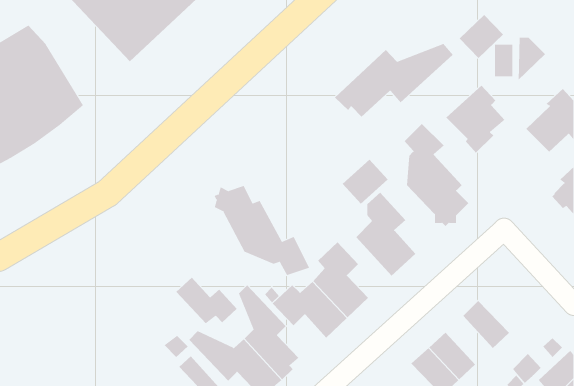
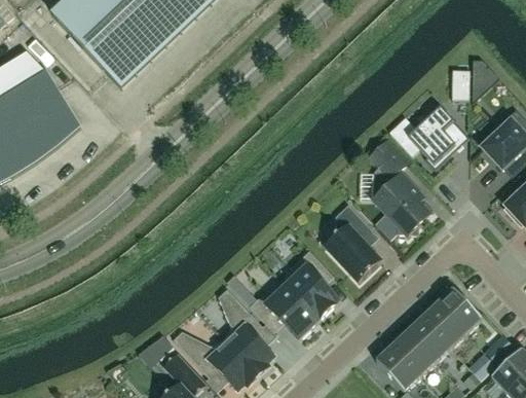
building: [459,14,504,59] -> none
building: [334,43,453,117] -> none
building: [342,159,388,205] -> none
building: [214,185,310,276] -> none
building: [176,277,237,324] -> none
building: none -> [438,287,482,331]
building: none -> [408,316,451,360]

